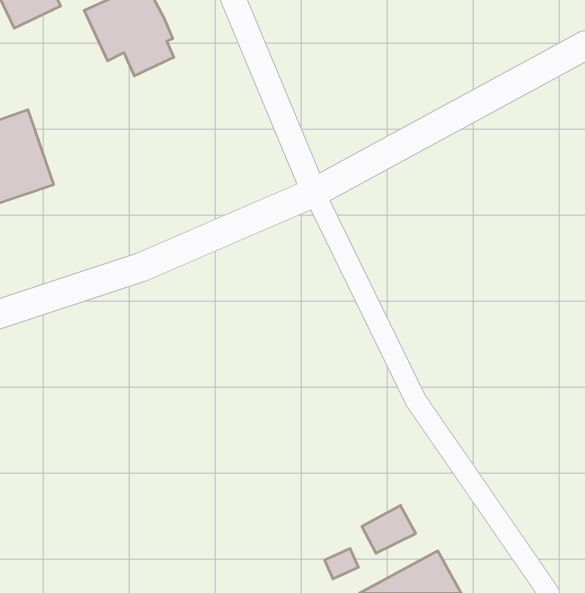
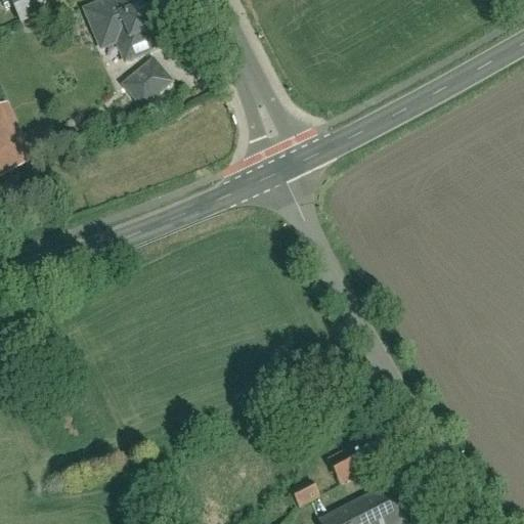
building: none -> [114,59,167,113]

